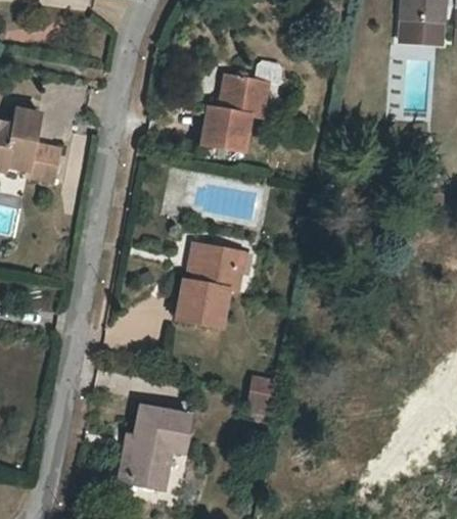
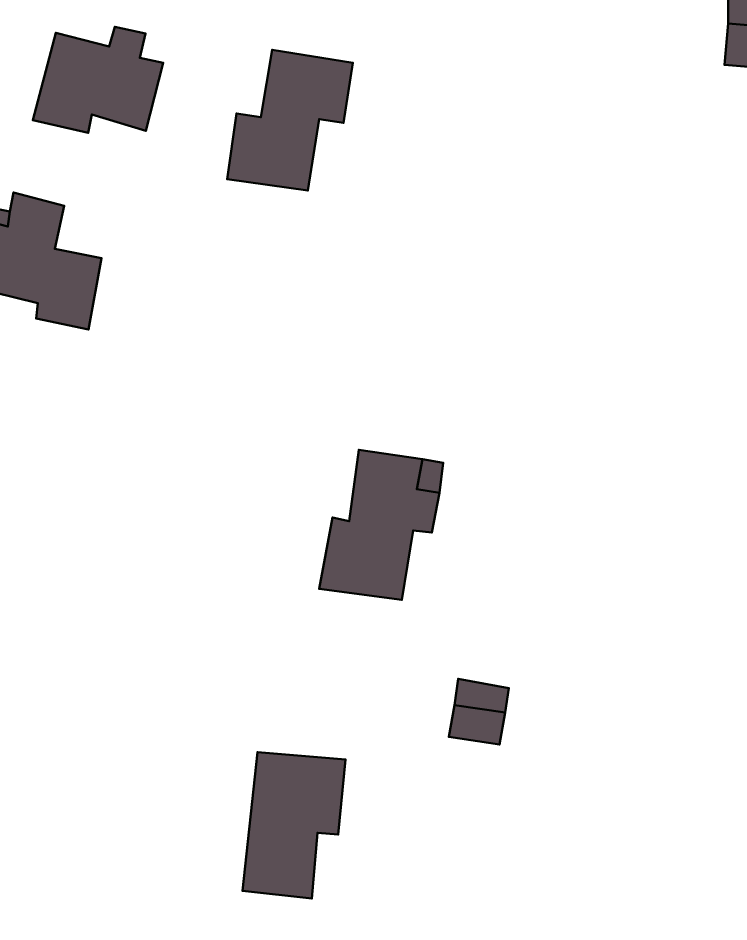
building: none -> [33,27,163,133]
building: [200,72,269,148] -> [227,50,353,191]

